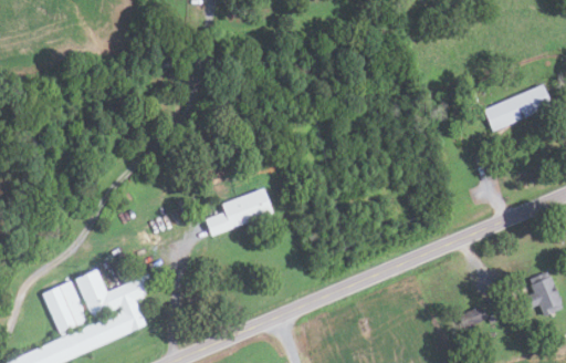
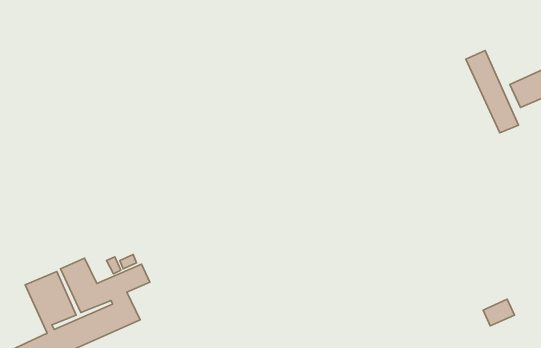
building: none -> [466,51,518,133]
building: [207,186,273,235] -> none

